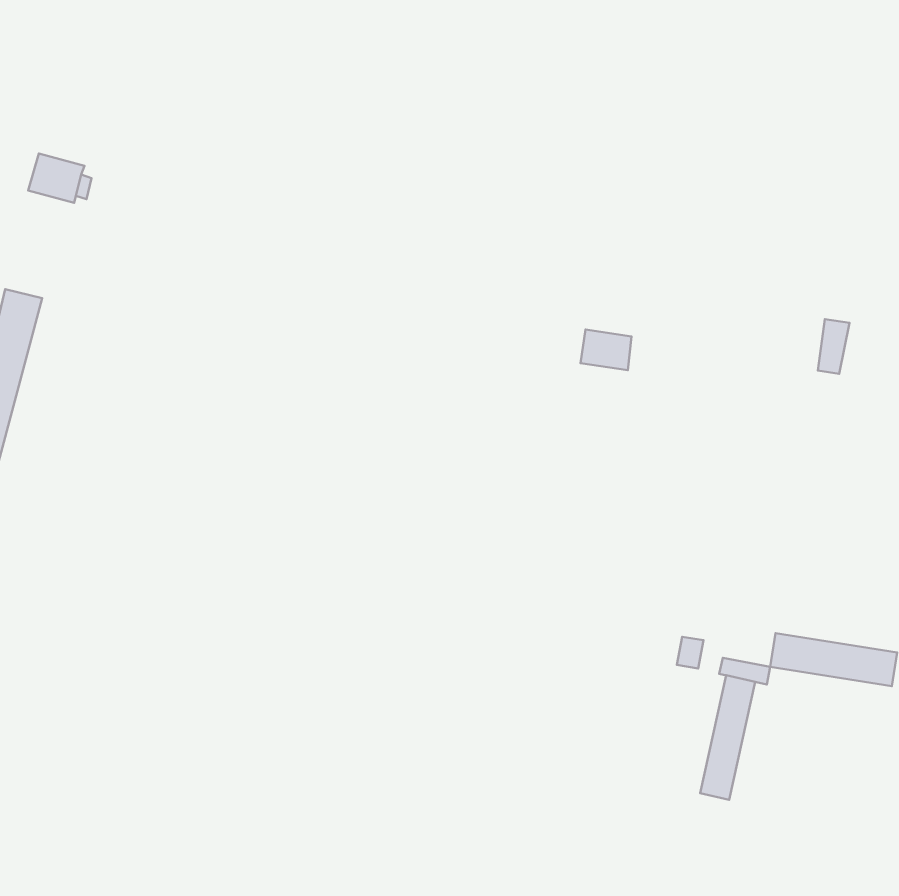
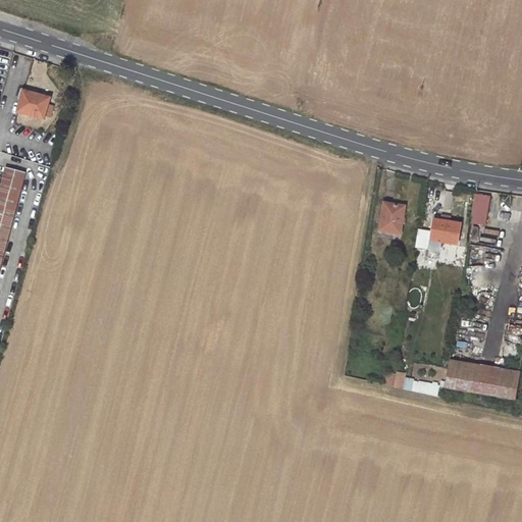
building: [580,330,631,370] -> [378,207,408,230]
building: none -> [415,216,460,247]
building: [700,675,755,800] -> none

